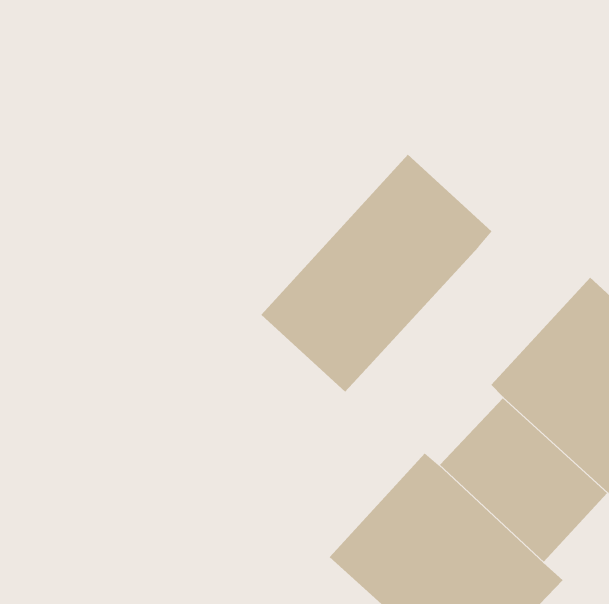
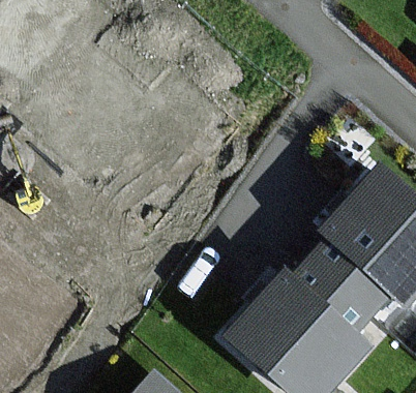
building: [260,154,493,393] -> none

